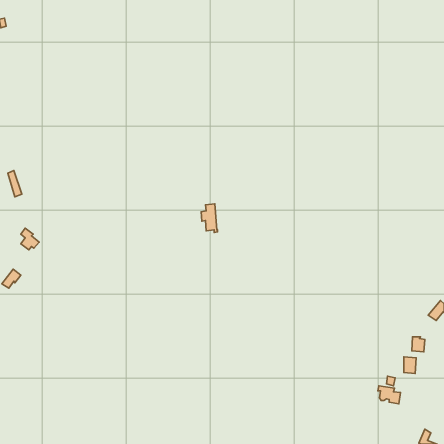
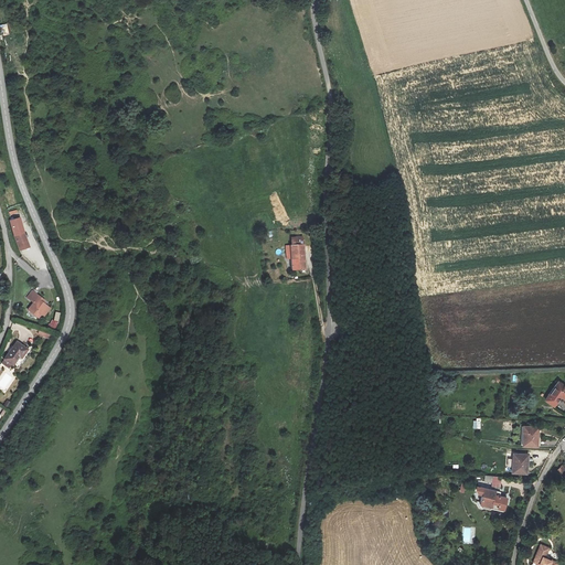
building: [201,204,218,233] -> [285,235,306,271]

